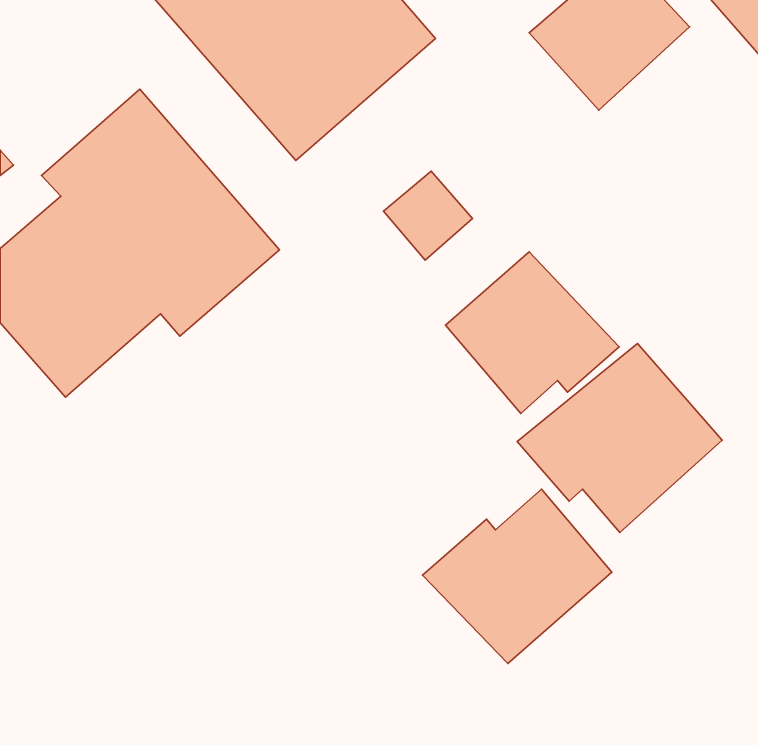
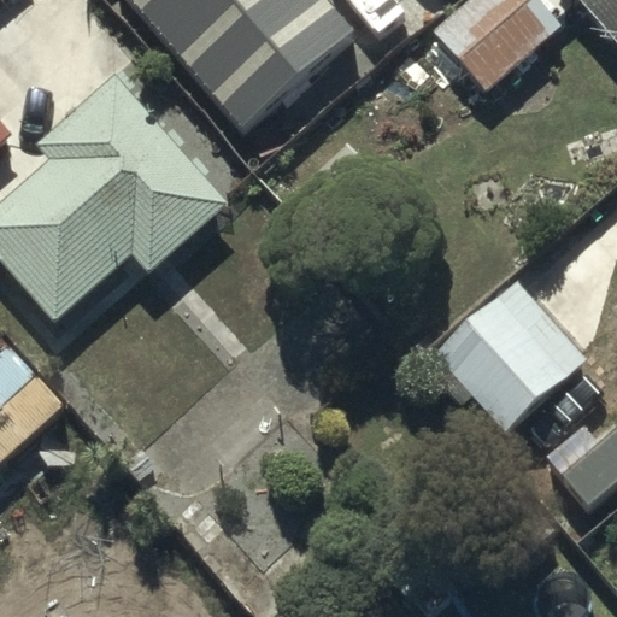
building: [445,252,619,414] -> none
building: [422,489,612,664] -> none

